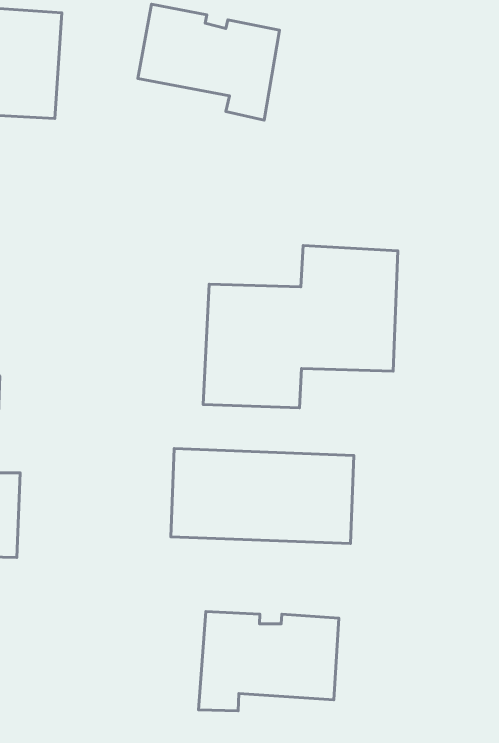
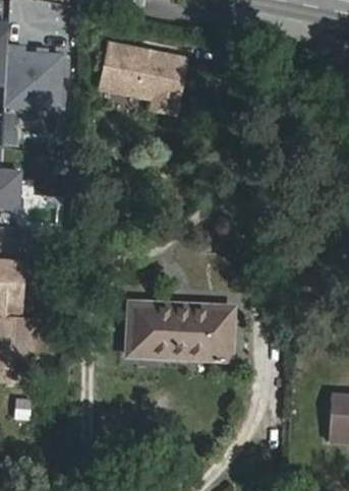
building: [203,246,398,408] -> none
building: [198,611,339,711] -> none

